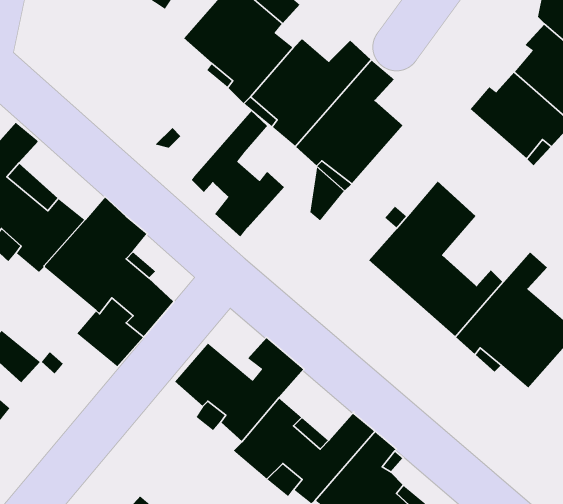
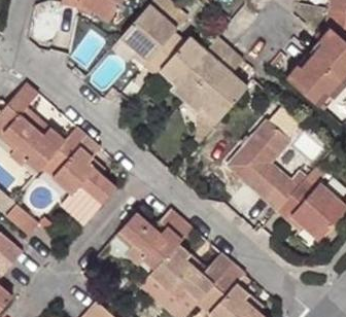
building: [191,110,285,238] -> none

